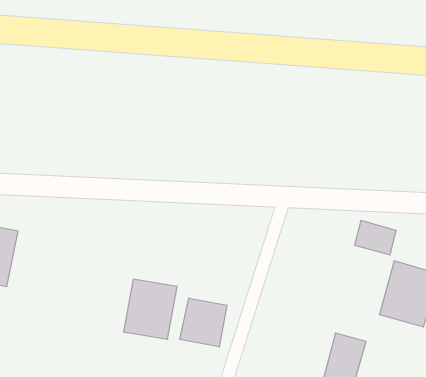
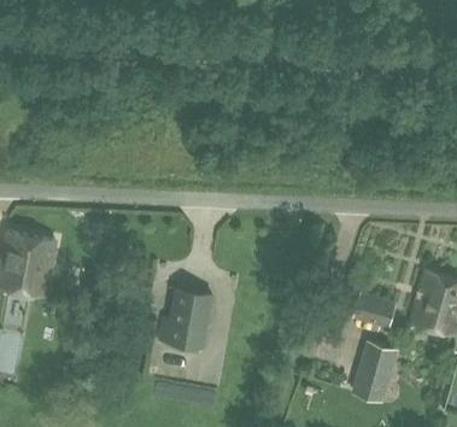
building: [355,221,396,255] -> [353,292,394,326]
building: [180,298,227,347] -> none

